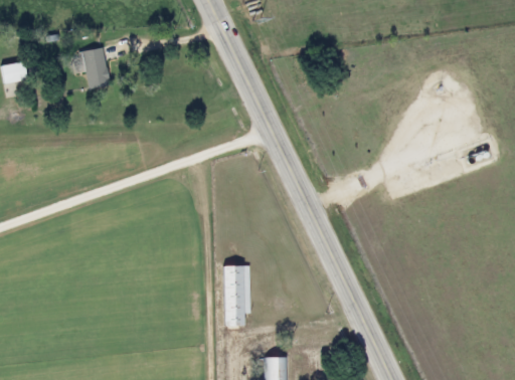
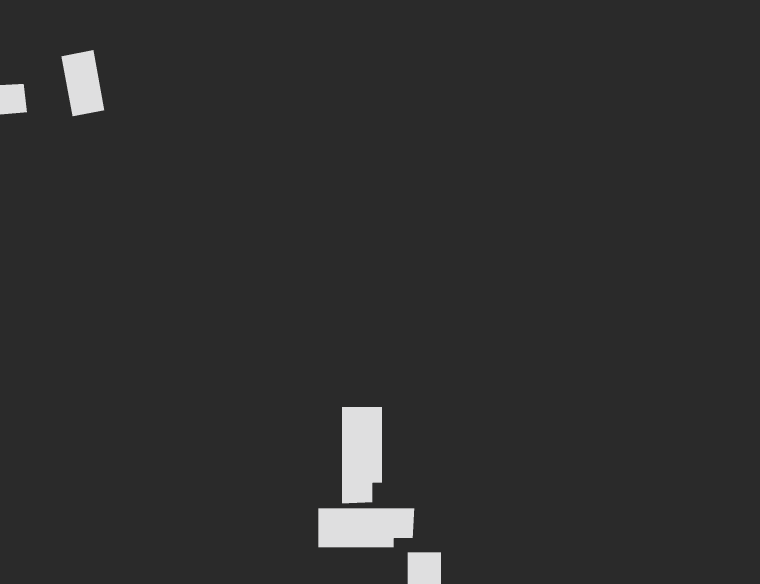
building: [81,47,110,89] -> [60,50,105,117]
building: none -> [318,508,415,548]

